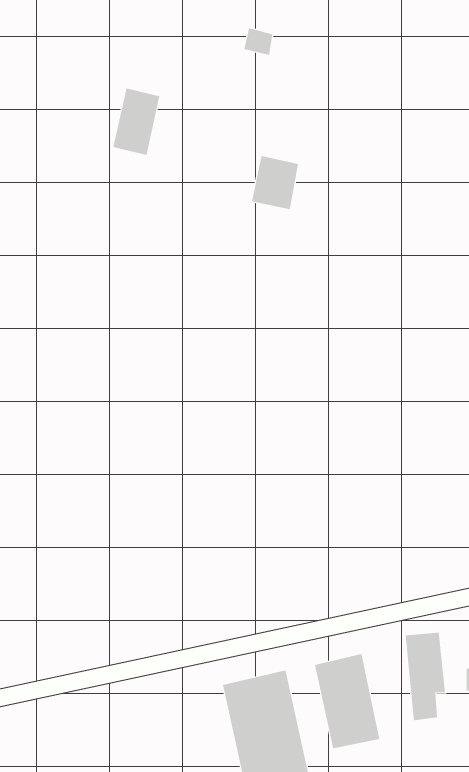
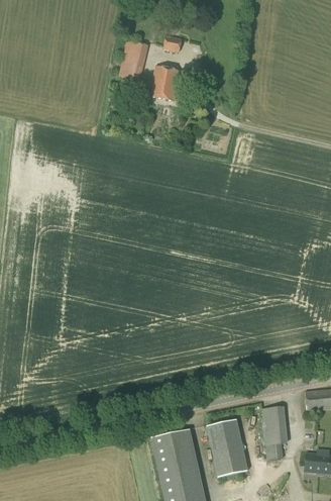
building: [113,88,160,155] -> [119,39,148,81]
building: [251,155,299,210] -> [150,67,180,100]

